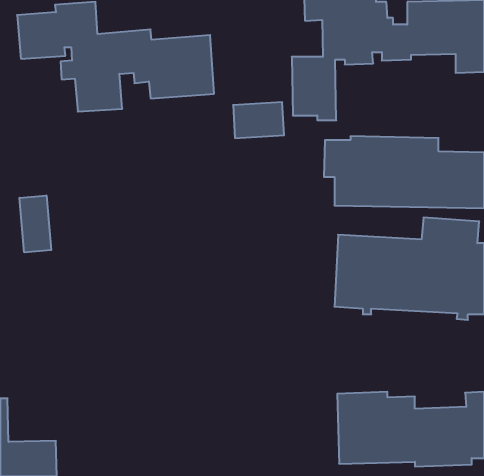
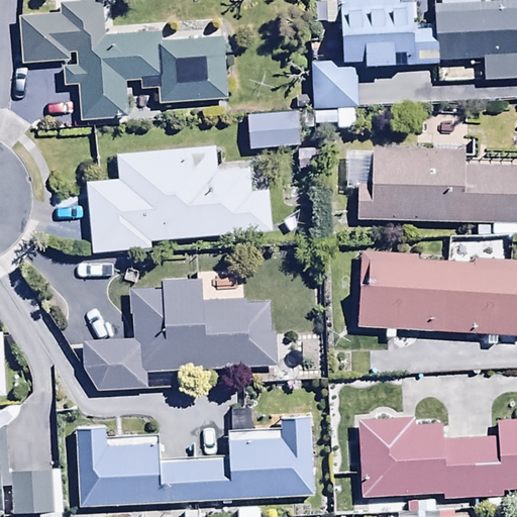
building: none -> [87,145,272,254]
building: [20,195,51,252] -> none
building: none -> [83,280,273,390]
building: none -> [75,420,314,504]

